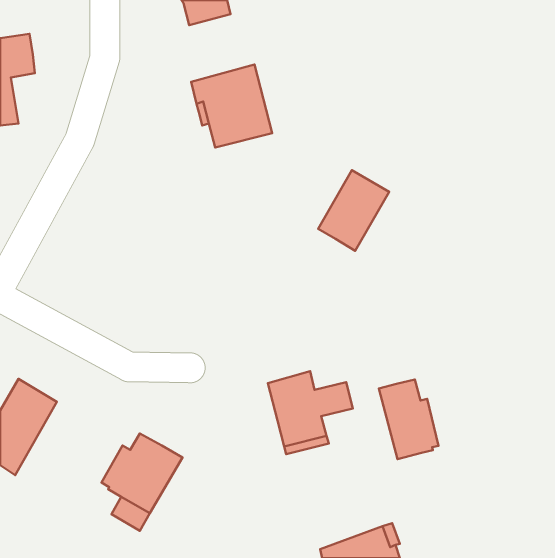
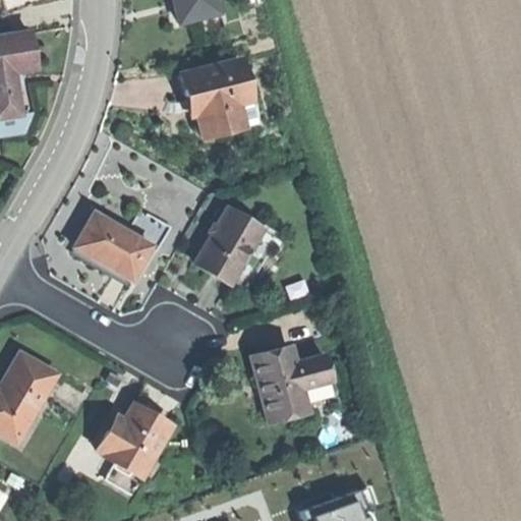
building: [318,170,389,251] -> [196,209,263,284]
building: none -> [75,214,152,280]
building: [379,380,439,459] -> none

